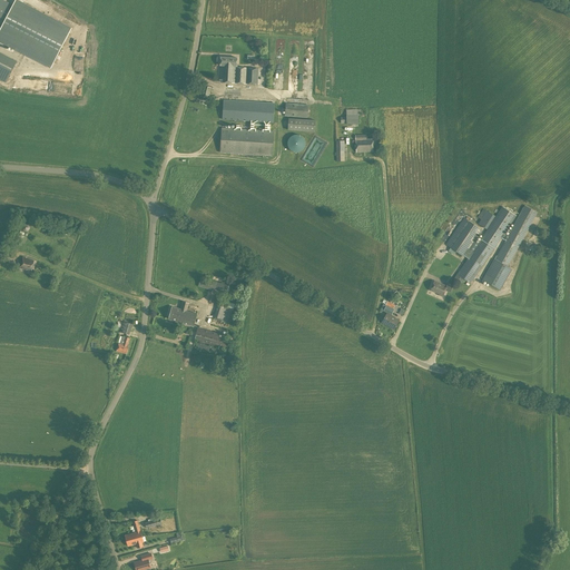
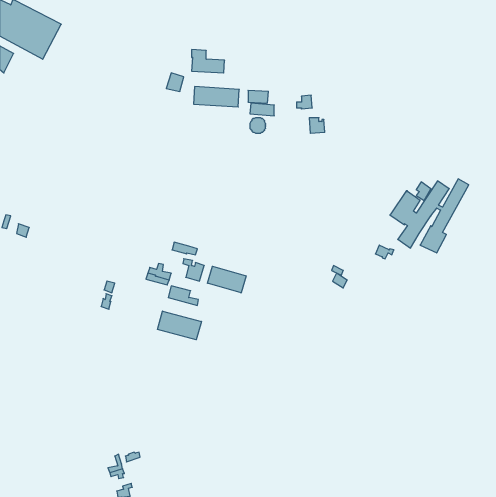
building: [219,128,273,156] -> none
building: none -> [207,266,246,293]
building: none -> [158,311,201,340]

